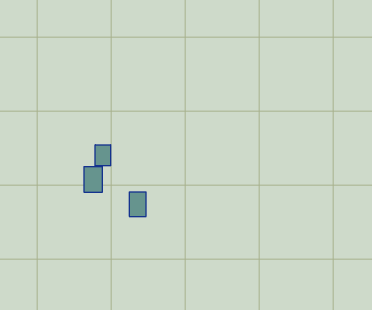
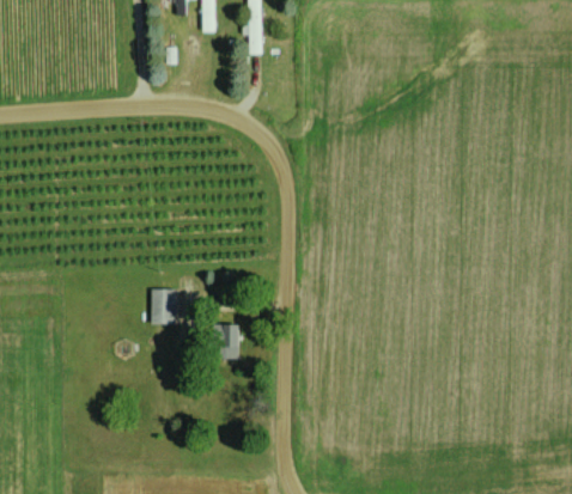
building: [95,145,111,166] -> none

